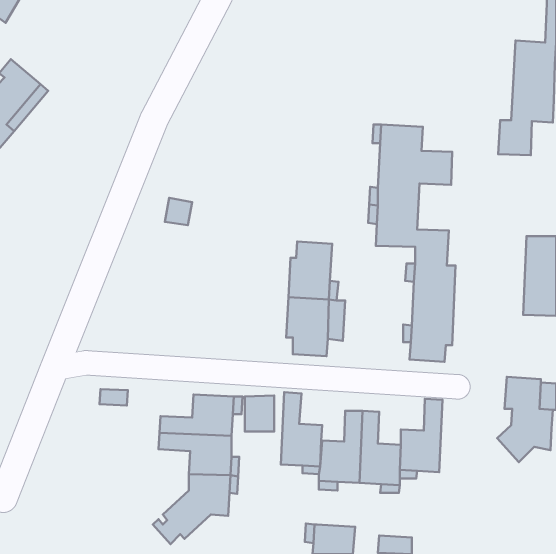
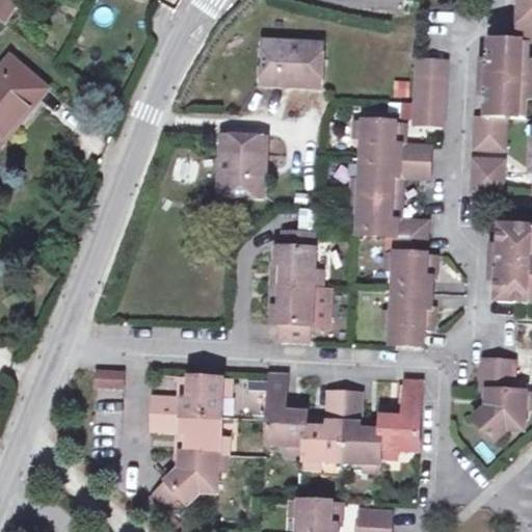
building: none -> [261,38,323,85]
building: none -> [413,58,446,123]
building: none -> [219,133,266,195]
building: none -> [472,157,504,190]

